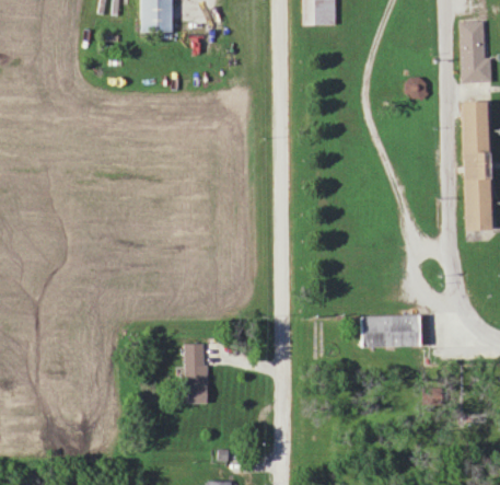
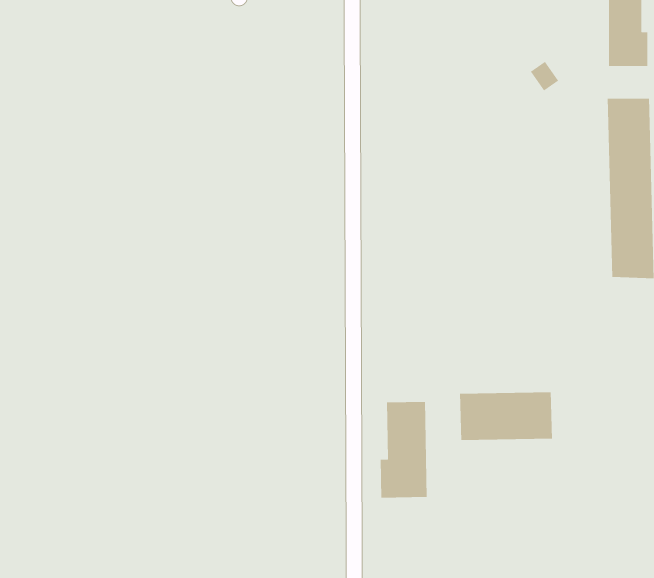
building: none -> [380,401,428,498]
building: [186,343,207,403] -> none

